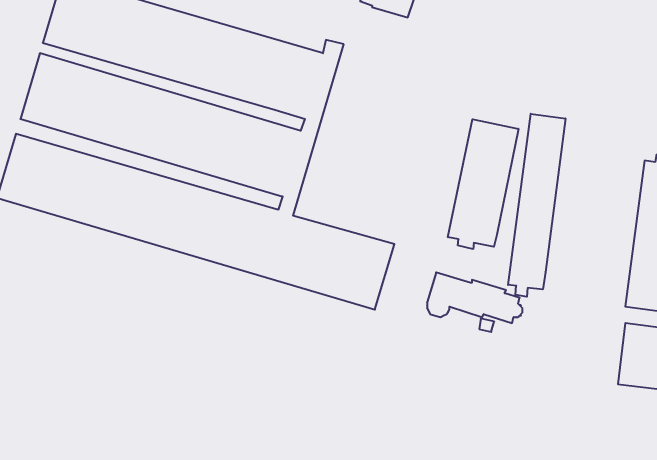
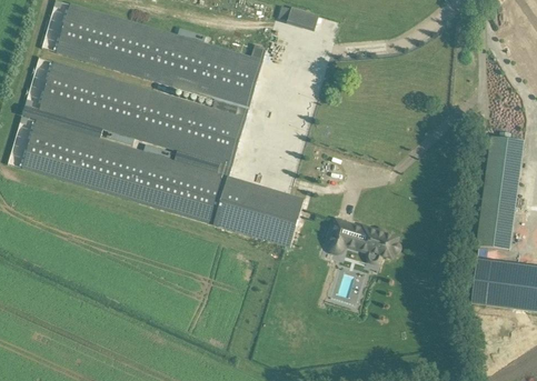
building: [508,114,565,297] -> none
building: [448,119,518,249] -> none

